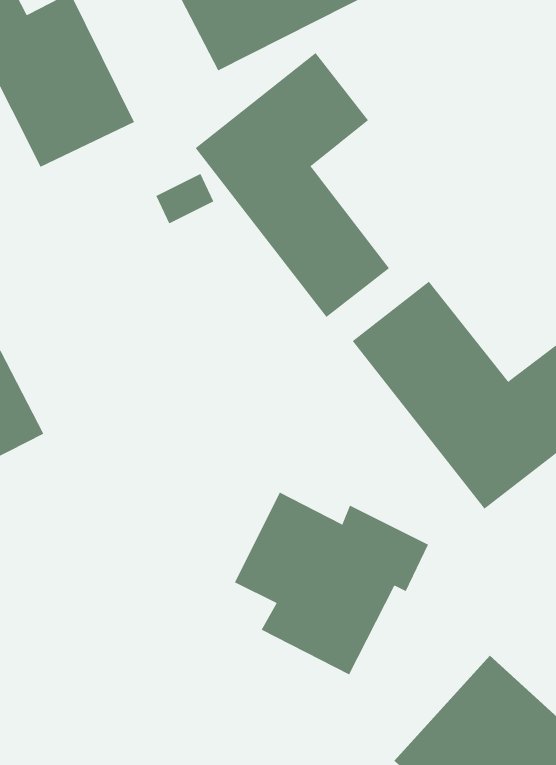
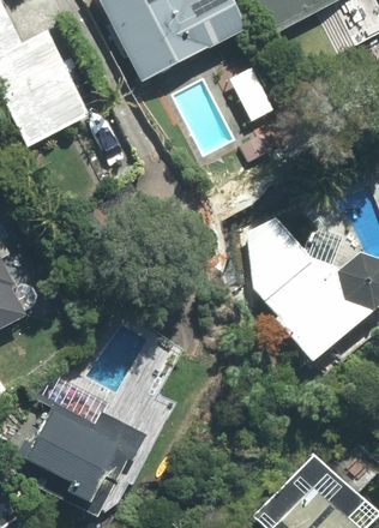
building: [195,52,390,318] -> none
building: [234,492,429,675] -> [24,400,148,516]

